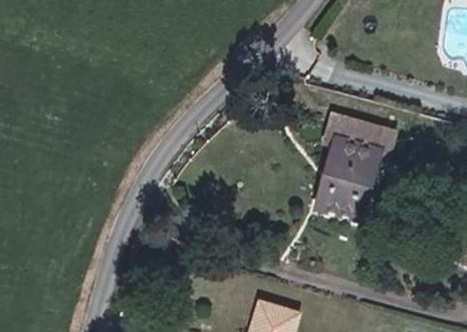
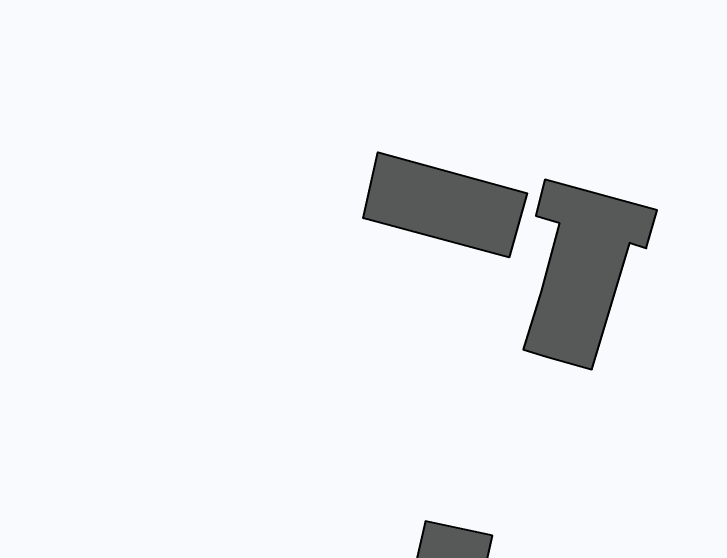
building: none -> [363,152,527,257]

